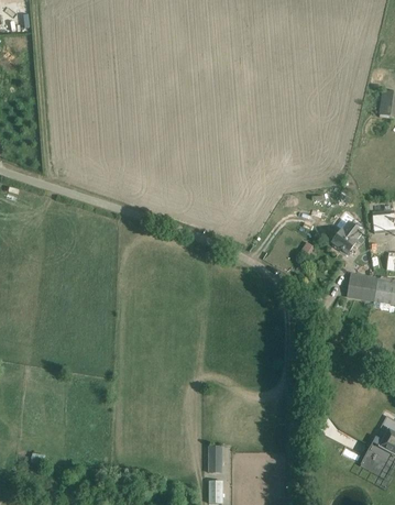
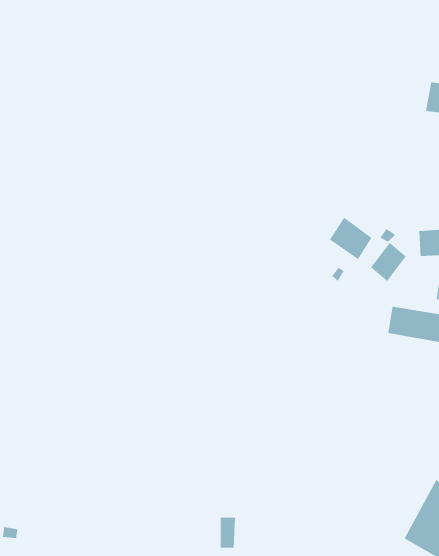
building: none -> [329,217,372,261]

